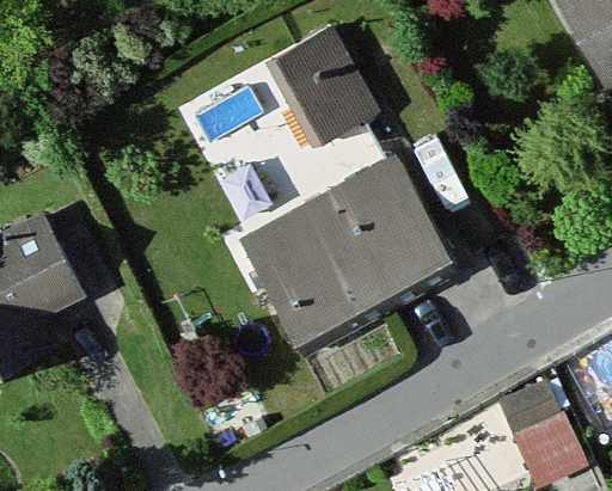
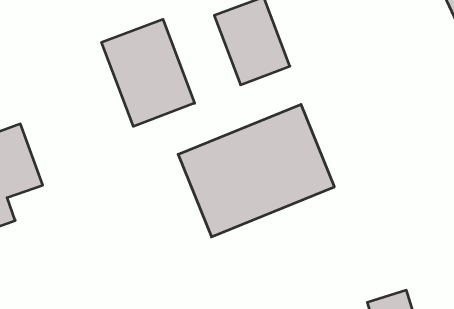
building: none -> [102,19,195,126]

